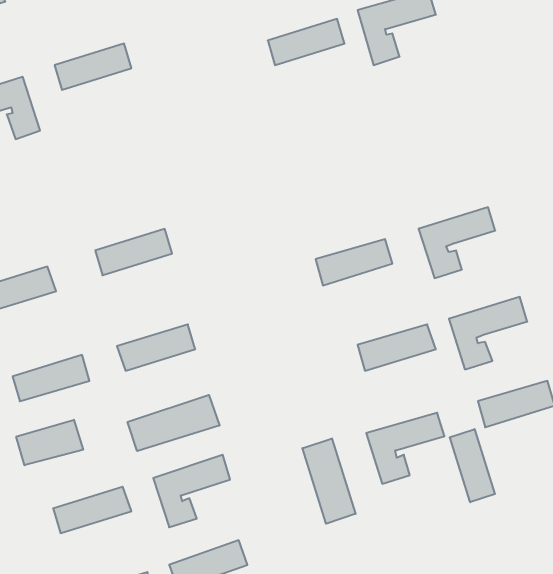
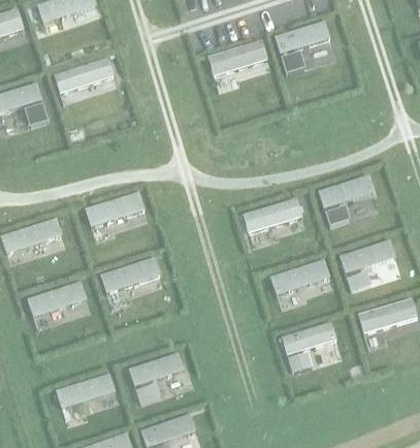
building: [128,395,220,451] -> none
building: [16,420,83,465] -> none
building: [450,429,495,502] -> none
building: [302,438,356,524] -> none

